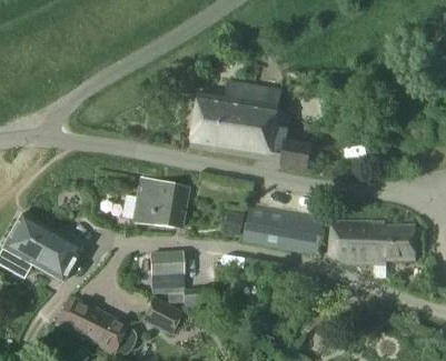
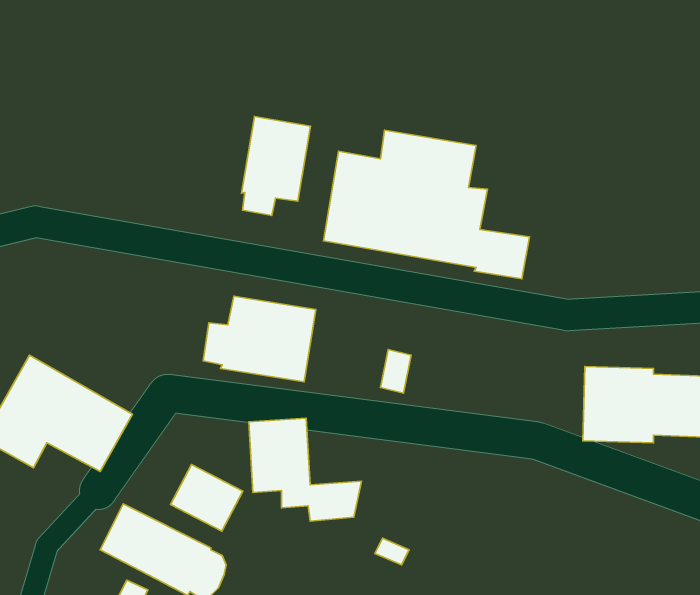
building: none -> [242,117,310,215]
building: [242,203,325,254] -> none
building: [141,294,184,333] -> [170,464,243,531]

